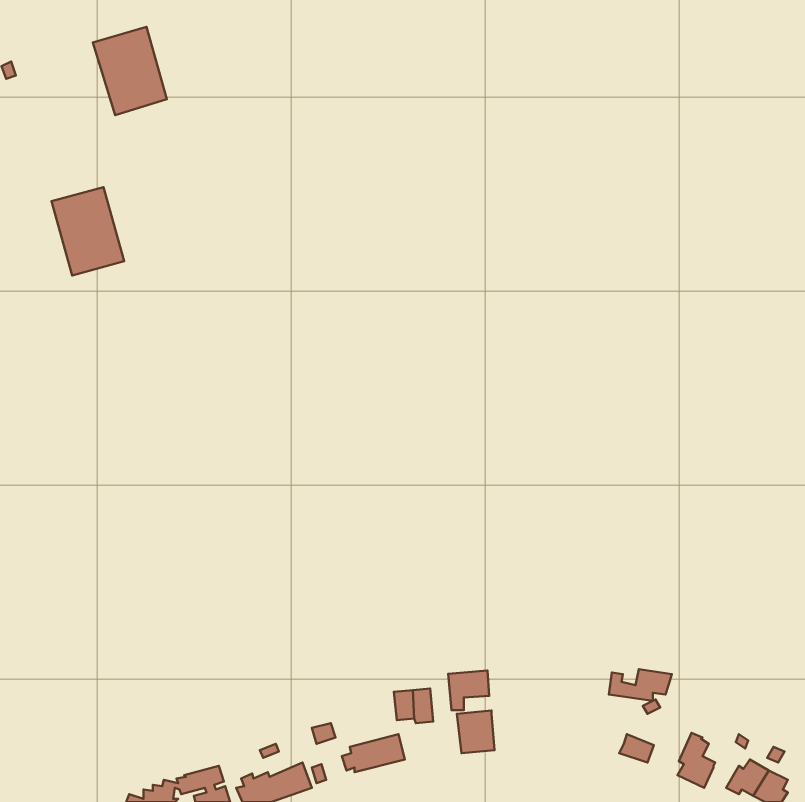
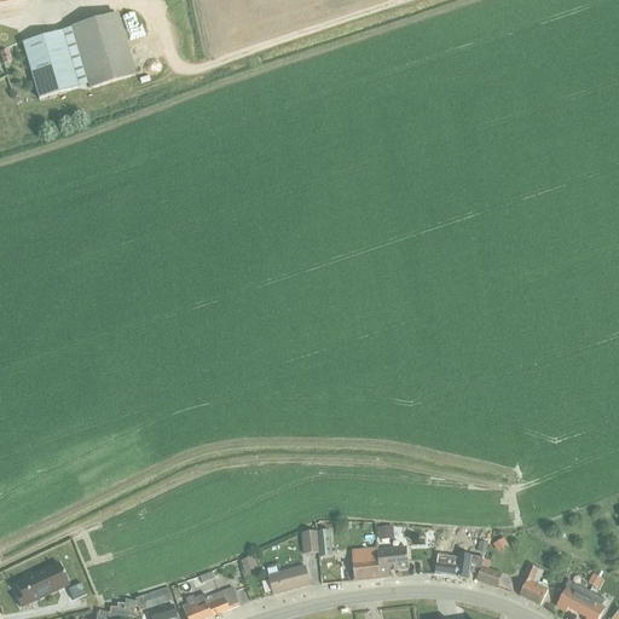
building: [52,187,124,275] -> [21,30,76,98]
building: [609,669,672,701] -> [435,551,484,575]
building: [448,671,489,710] -> [377,545,409,575]
building: none -> [13,562,69,607]

